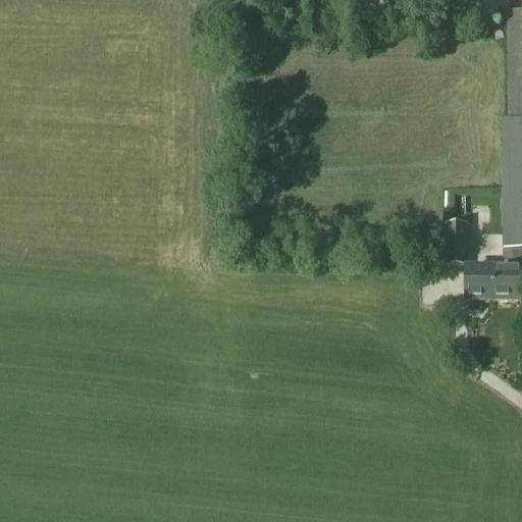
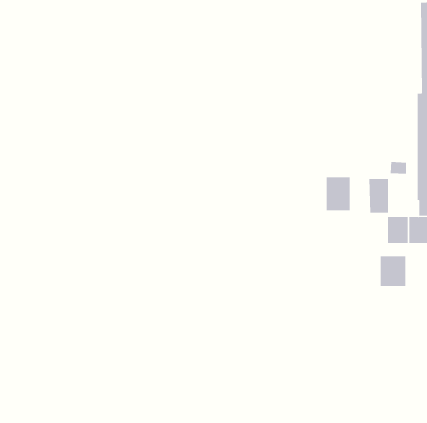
building: none -> [326,176,350,211]
building: none -> [380,255,406,287]

